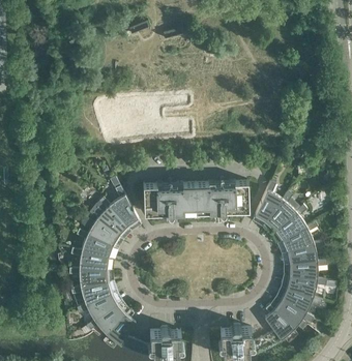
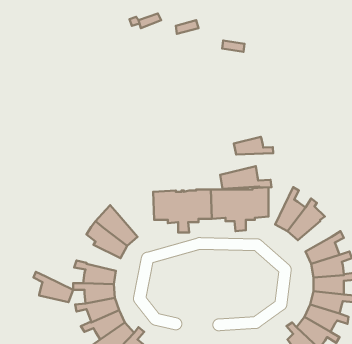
building: none -> [234,137,273,155]
building: none -> [220,166,272,189]
building: [110,185,139,225] -> none
building: [275,204,307,239] -> none
building: [77,229,113,257] -> [34,272,73,302]

